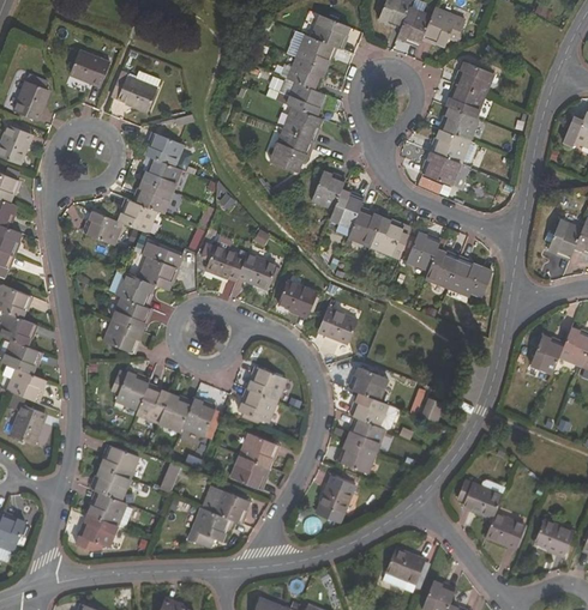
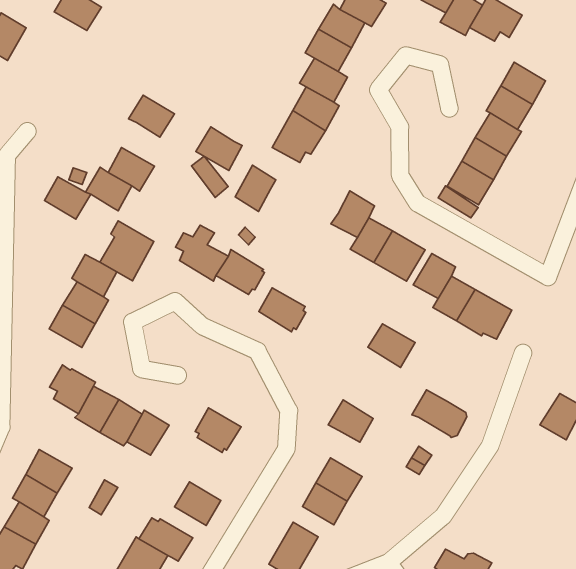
building: [110,70,160,111] -> none
building: [143,157,181,192] -> [196,127,242,170]
building: [312,171,344,210] -> [235,165,276,212]
building: [318,308,358,343] -> [368,324,415,368]
building: [247,367,286,401] -> none
building: [350,393,397,430] -> [412,390,467,437]
building: [240,433,277,466] -> none

